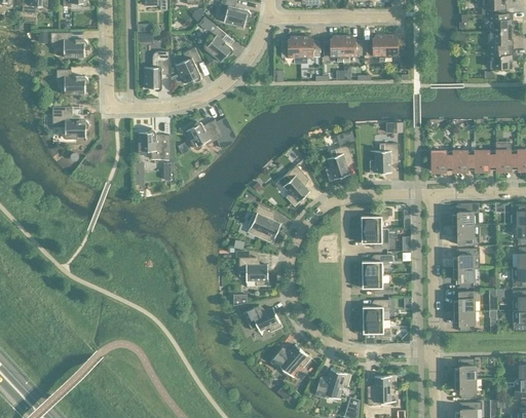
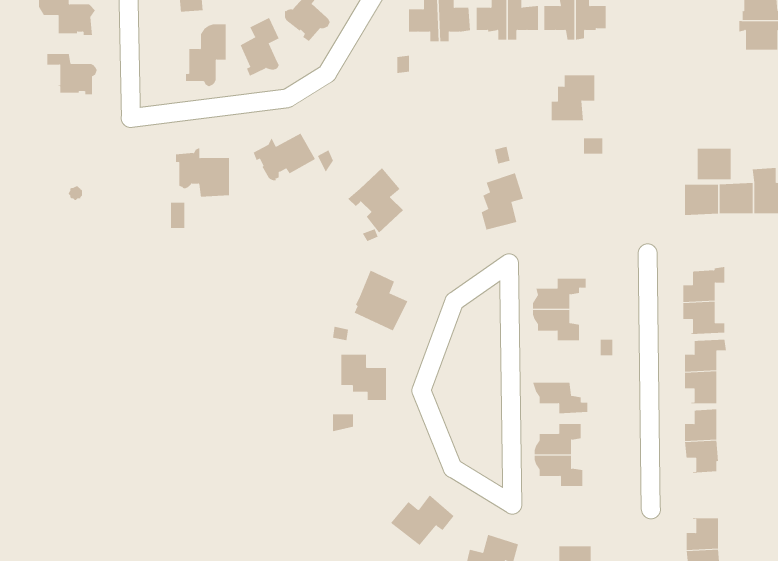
building: [52,107,89,138] -> none
building: [371,144,399,173] -> [551,75,595,121]
building: [431,151,453,170] -> [697,148,732,180]
building: [275,164,310,205] -> [348,167,404,233]
building: [359,254,393,274] -> none
building: [243,305,281,331] -> none

